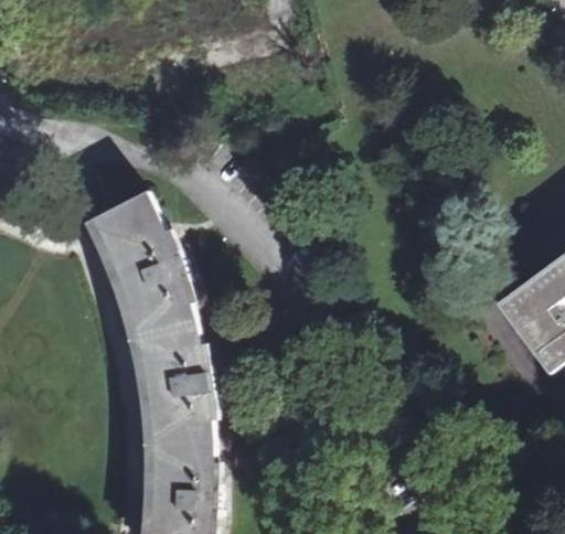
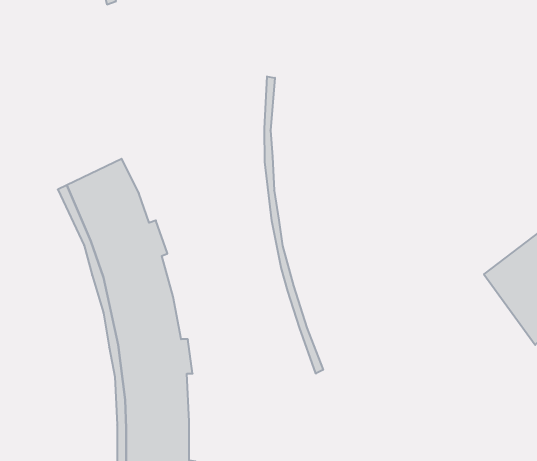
building: none -> [264,76,323,374]

